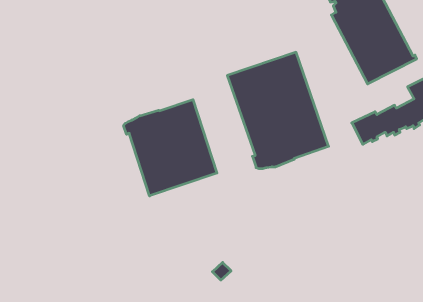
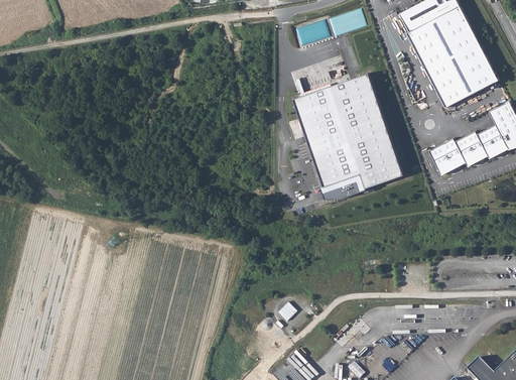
building: [124,100,217,196] -> none

